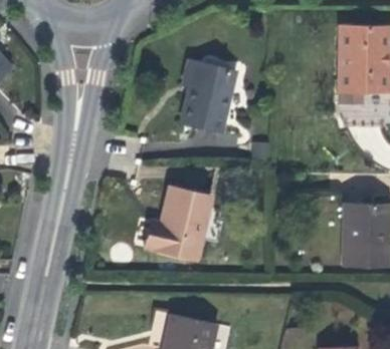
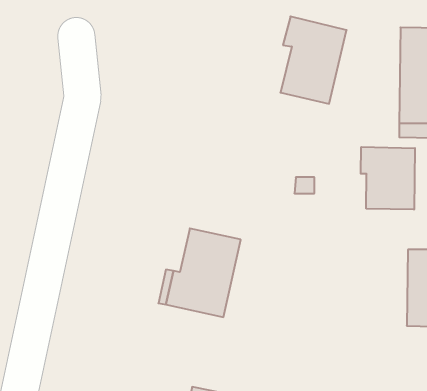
building: [181,60,234,130] -> [280,16,347,104]
building: none -> [361,147,415,210]

